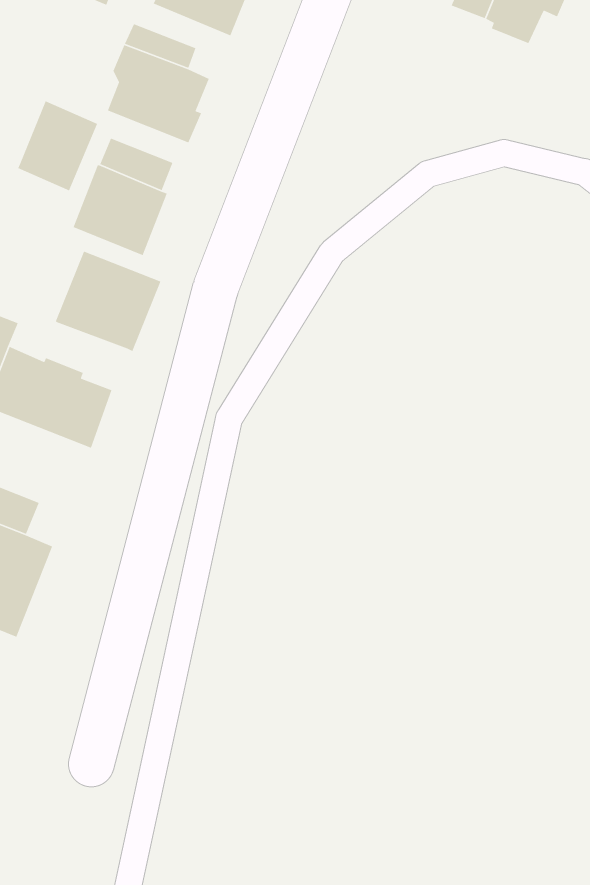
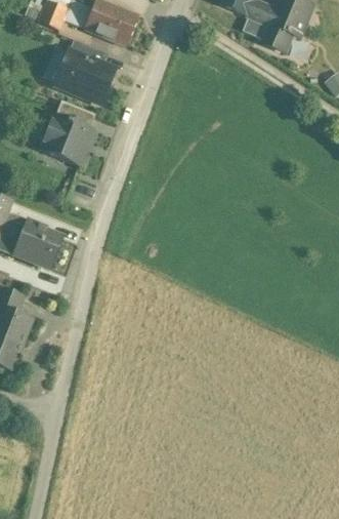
building: [17,101,98,191] -> none
building: [55,251,161,352] -> none

